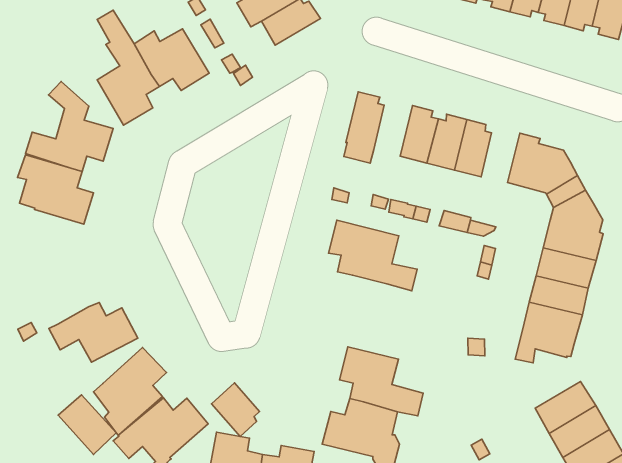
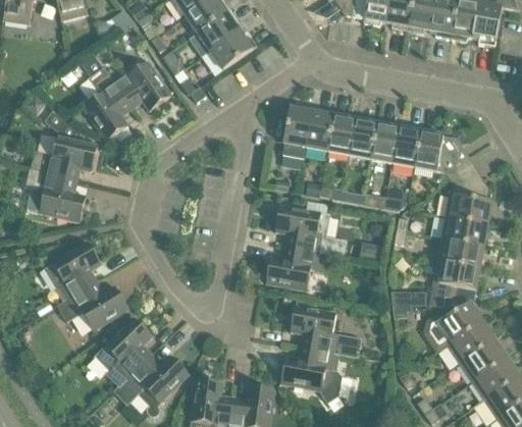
building: none -> [306,107,334,151]
building: none -> [393,123,421,166]
building: none -> [44,241,101,302]
building: none -> [266,248,323,290]
building: none -> [424,297,482,351]
building: [211,383,260,436] -> none
building: [58,395,116,455] -> none

